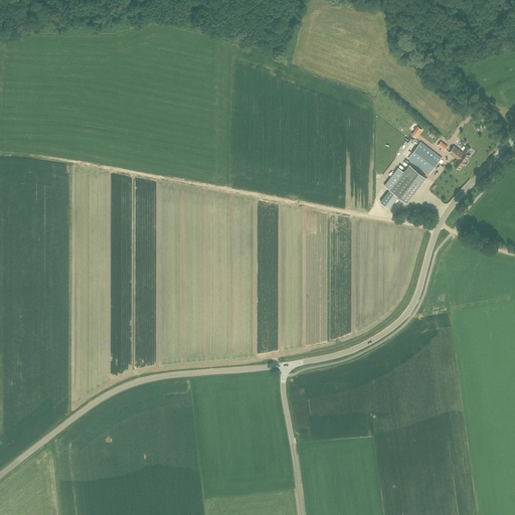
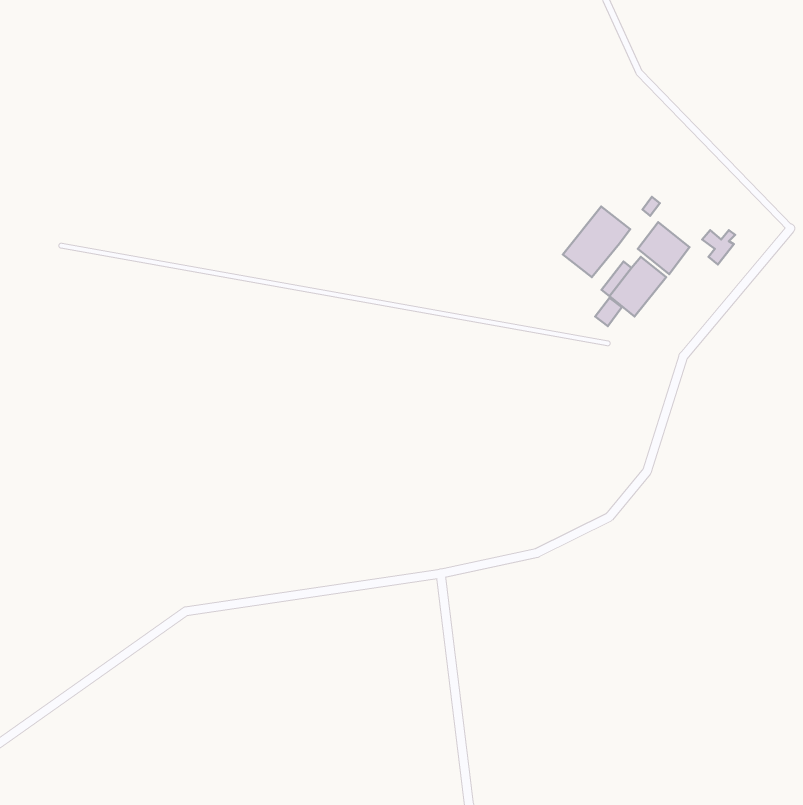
building: none -> [563,207,630,277]

